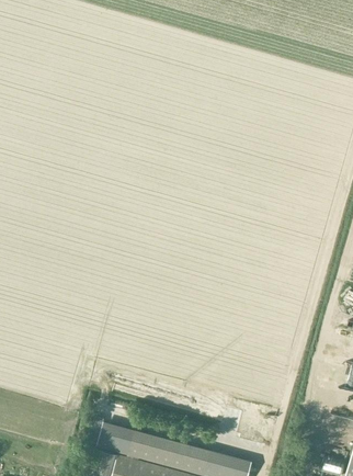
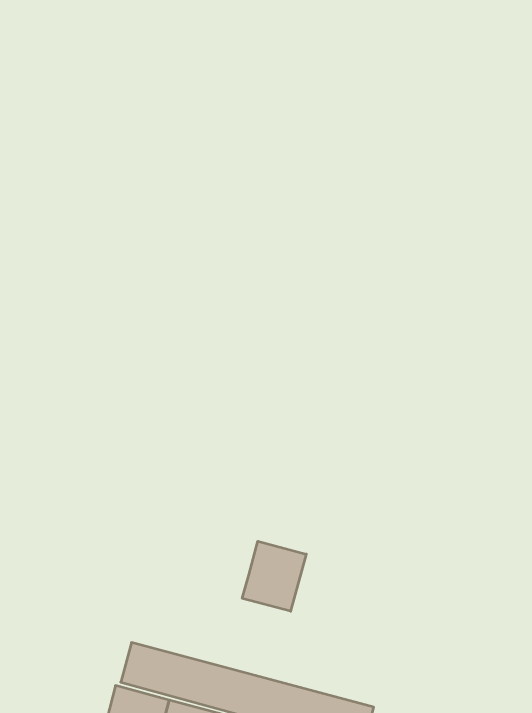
building: none -> [242,541,306,611]

